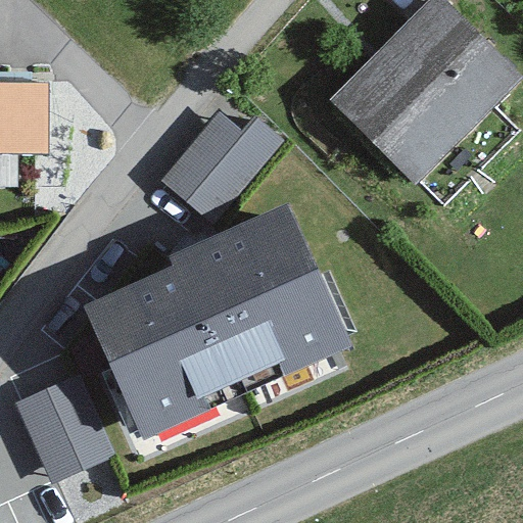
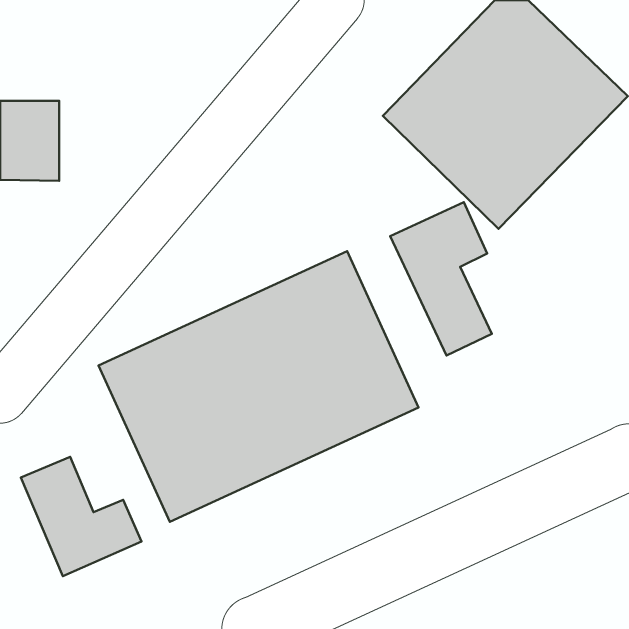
building: [164,114,285,223] -> none
building: none -> [390,202,492,356]

